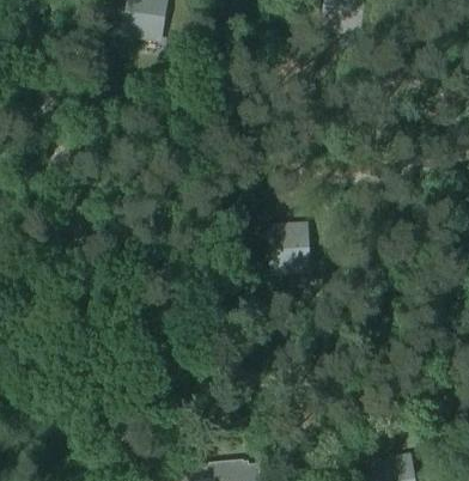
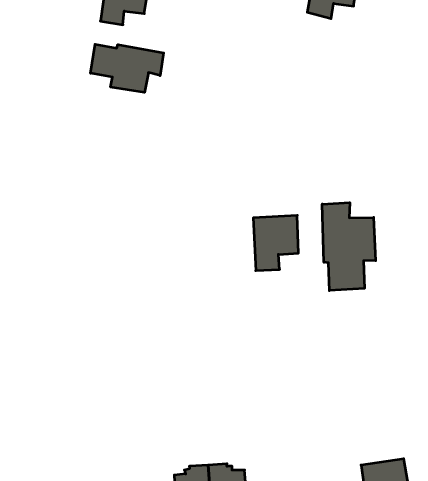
building: none -> [91,44,164,92]
building: none -> [322,203,376,291]

